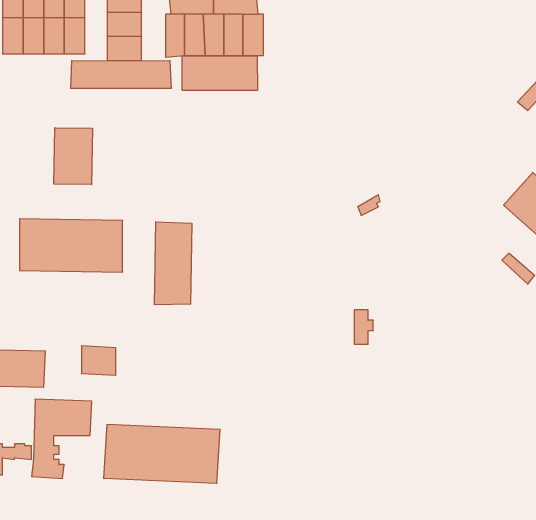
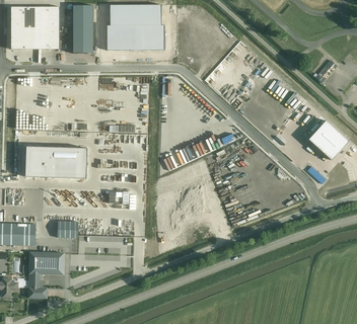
building: [182,56,257,90] -> none
building: [71,61,171,88] -> none
building: [54,128,92,185] -> none
building: [154,222,192,305] -> none
building: [104,424,220,484] -> none

